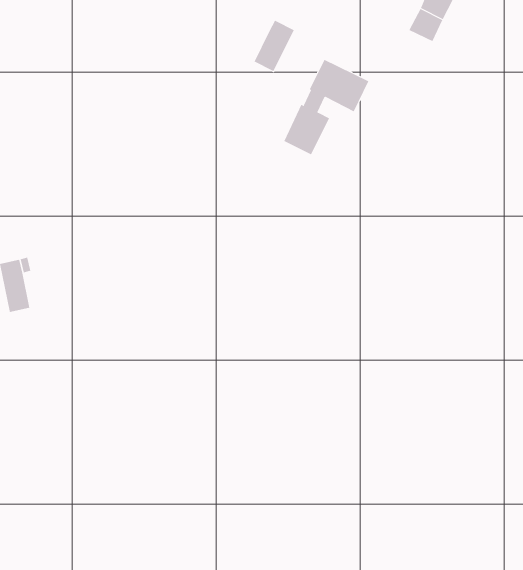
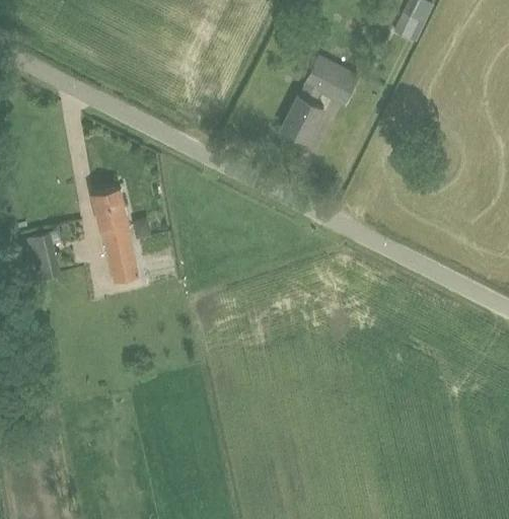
building: [254,20,294,72] -> none
building: none -> [91,189,138,284]

